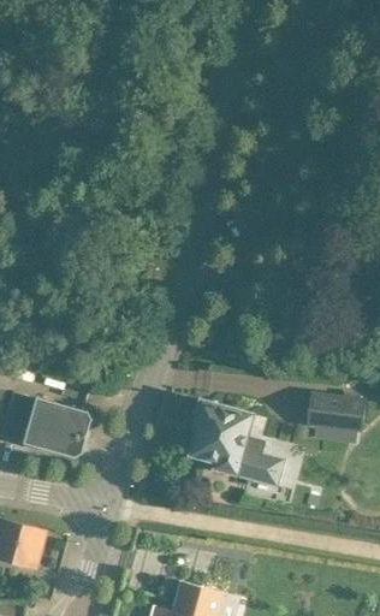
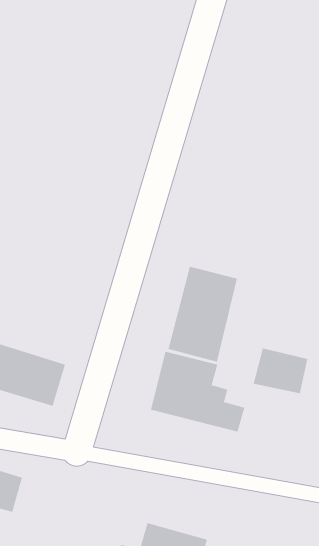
building: none -> [168,266,238,362]

